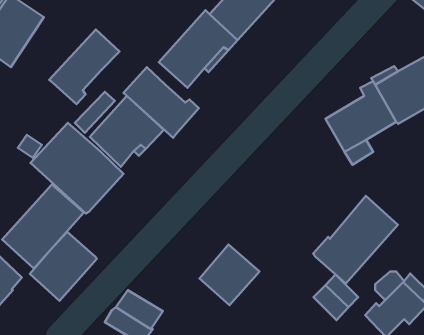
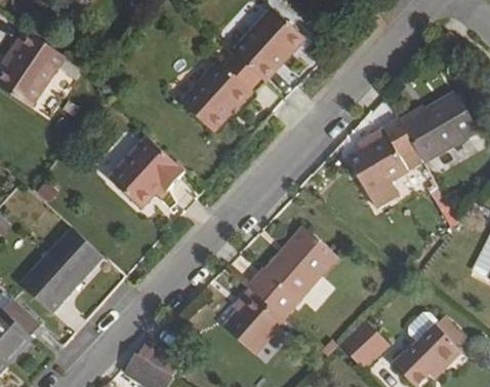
building: [49,29,120,104] -> none
building: [123,67,199,138] -> none
building: [30,123,123,214] -> none
building: [313,196,398,284] -> [250,226,337,316]
building: [30,232,97,301] -> none

